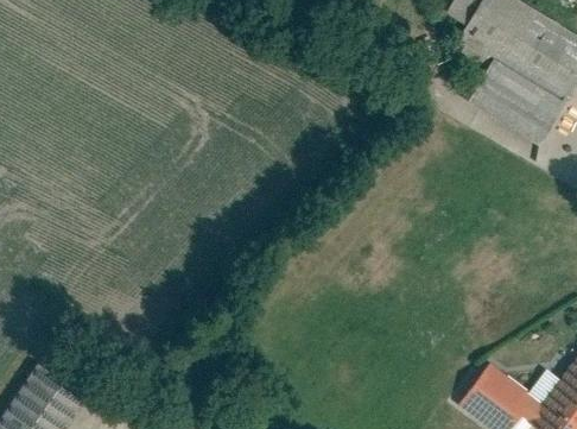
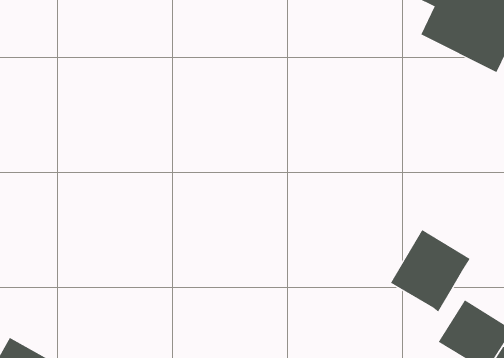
building: none -> [390,229,470,313]

